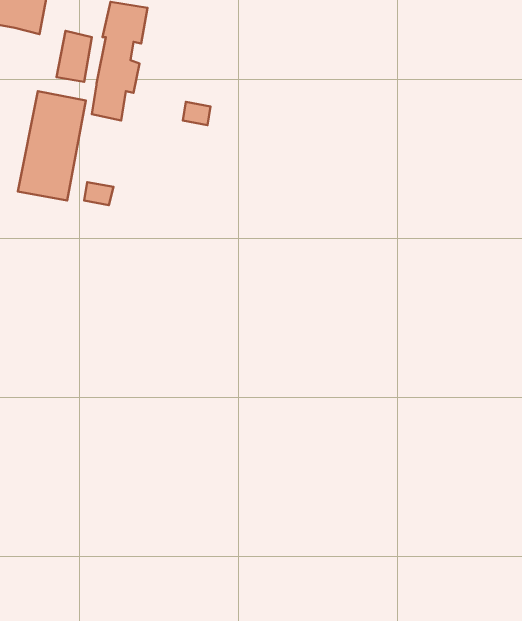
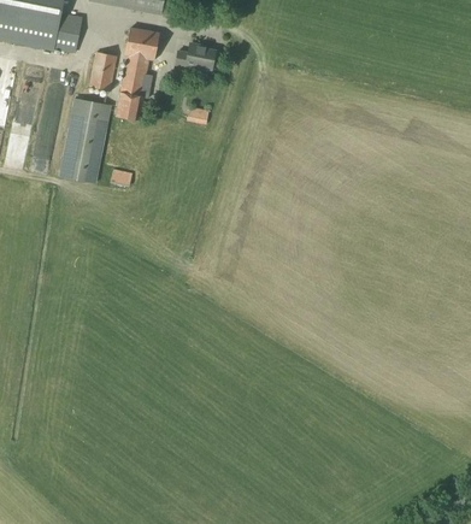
building: none -> [173,42,214,67]

